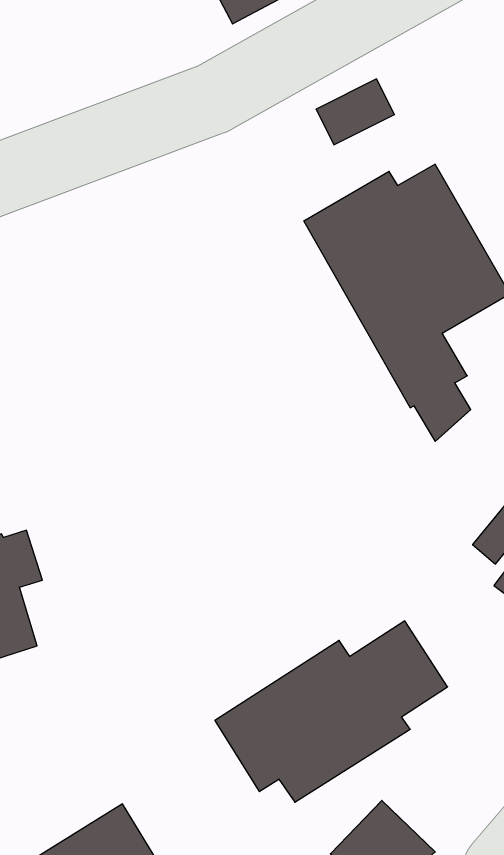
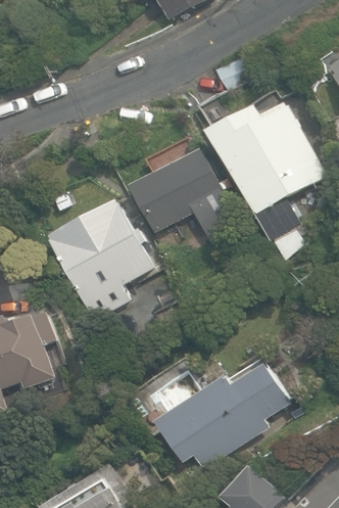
building: none -> [128,146,236,238]
building: none -> [46,197,154,318]

